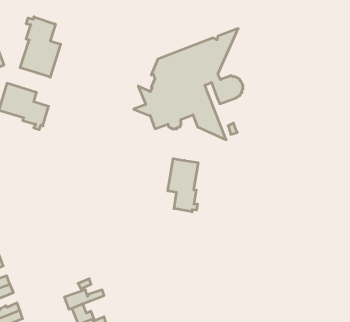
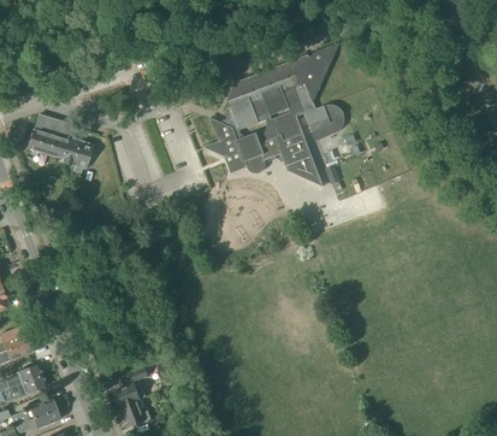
building: [20,17,61,77] -> none
building: [168,159,198,212] -> none

